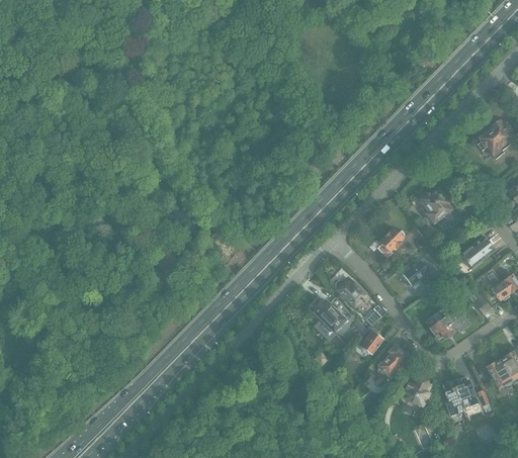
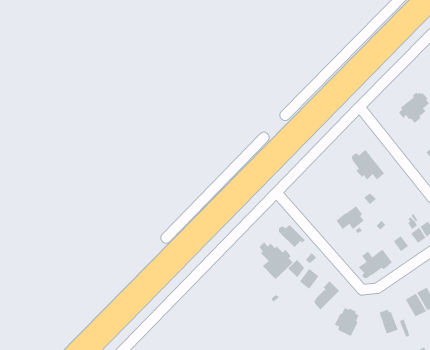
building: [376,226,406,258] -> none
building: [459,235,495,268] -> none
building: [442,380,463,416] -> none

